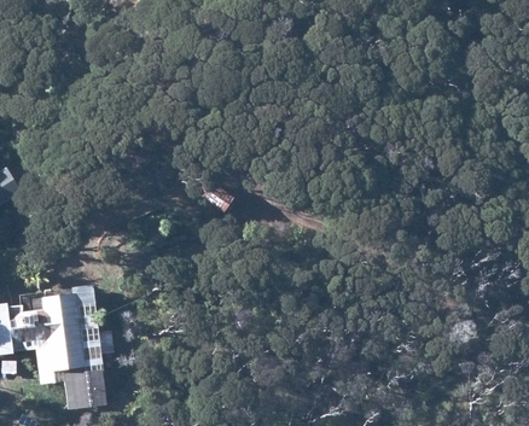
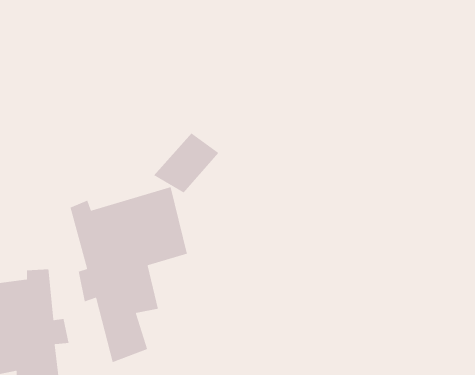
building: none -> [70,186,188,363]

